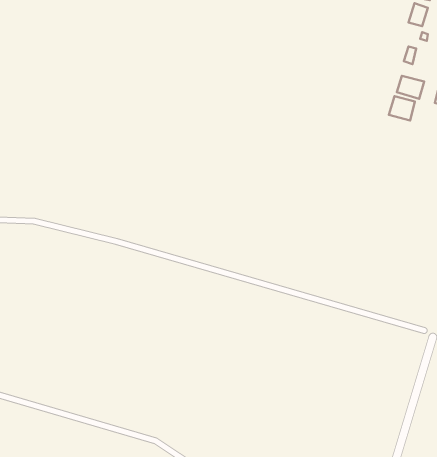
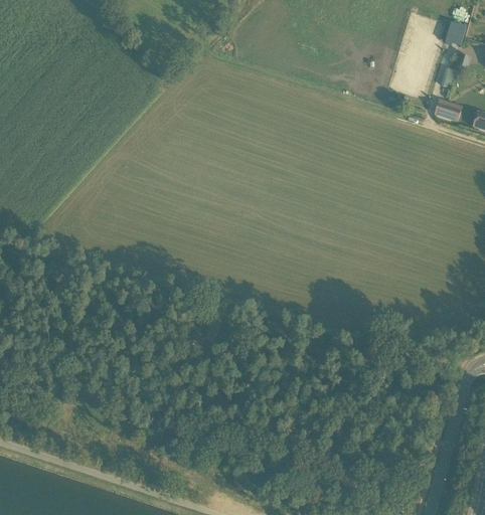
building: [389,96,415,121] -> none

